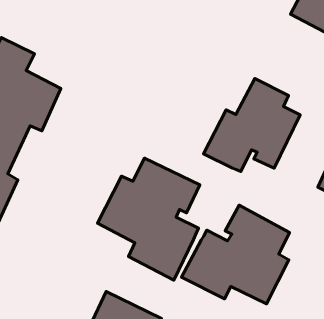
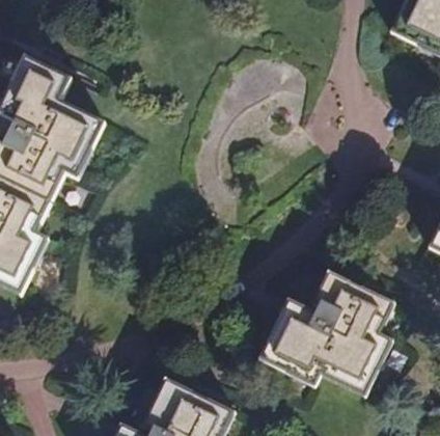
building: [203,78,300,171] -> none
building: [98,158,200,280] -> none

